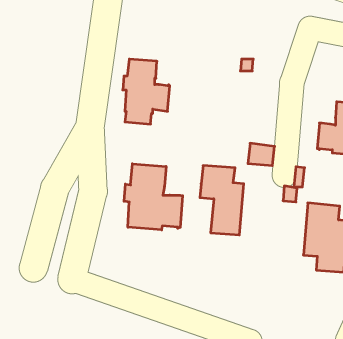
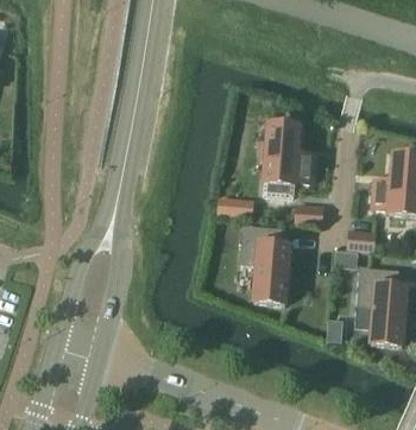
building: [123,59,170,124] -> [261,124,314,196]
building: [124,164,183,230] -> none

